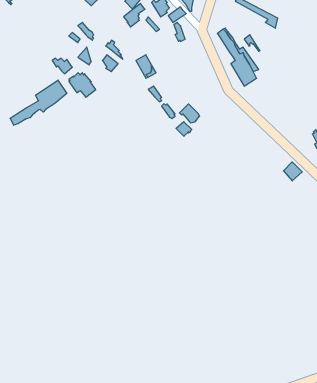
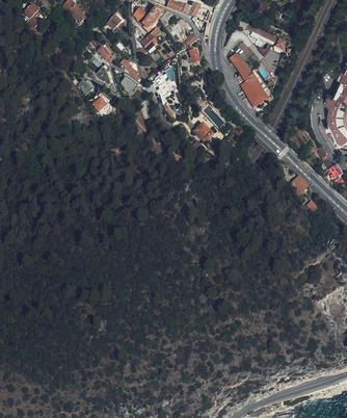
building: [10,80,67,125] -> none

